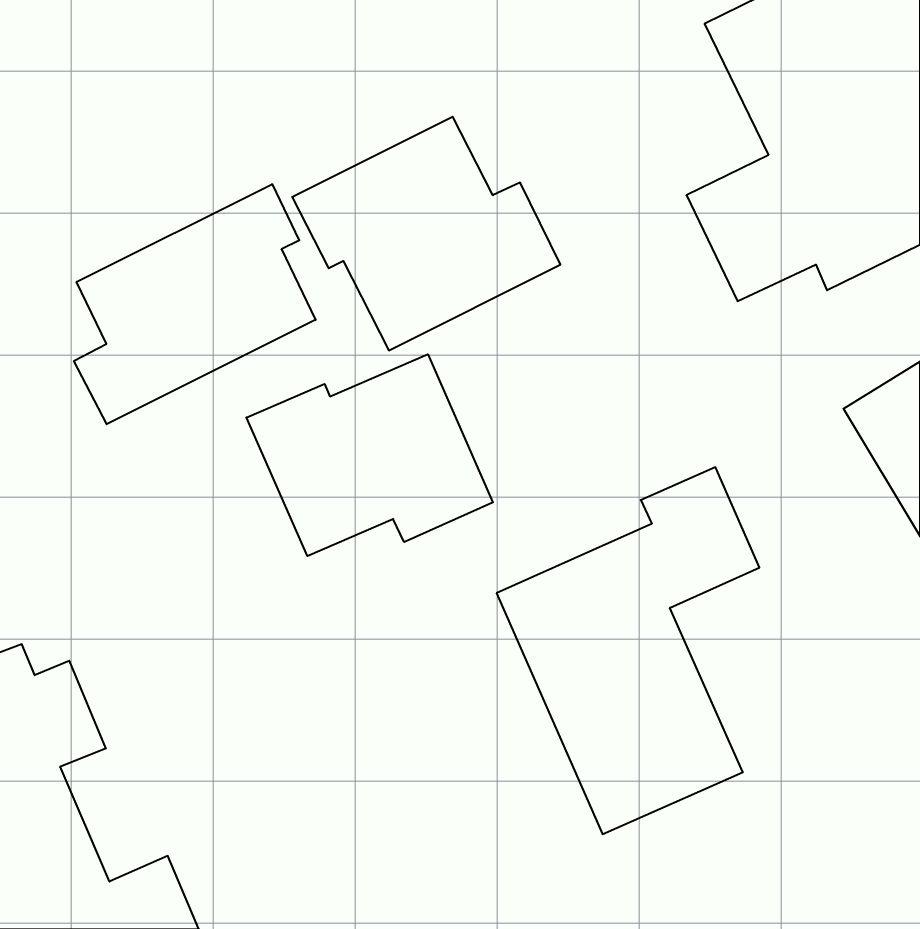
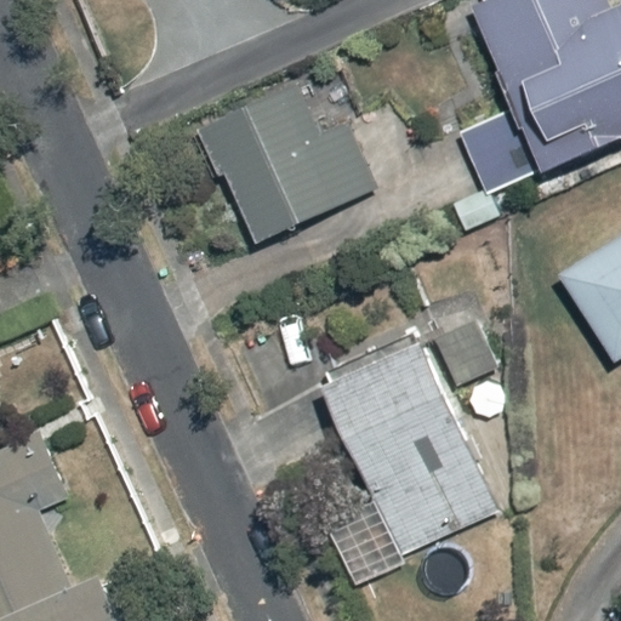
building: [74,184,316,424] -> none
building: [246,354,493,556] -> none

